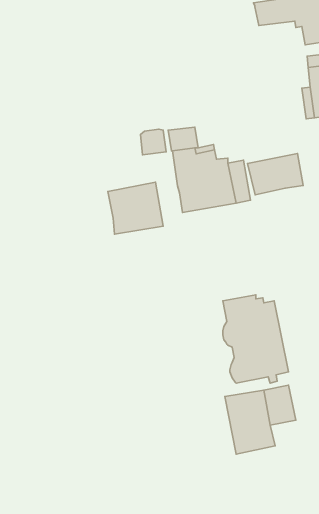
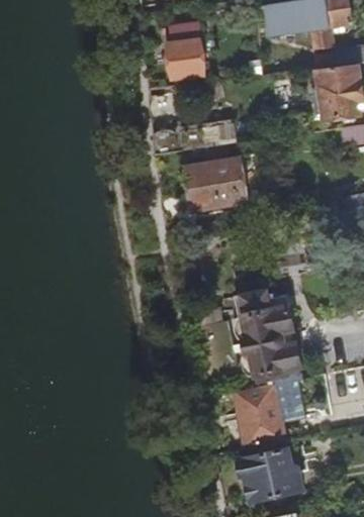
building: none -> [168,24,204,78]
building: [248,154,303,195] -> none
building: [108,182,163,234] -> none
building: none -> [241,446,307,501]

